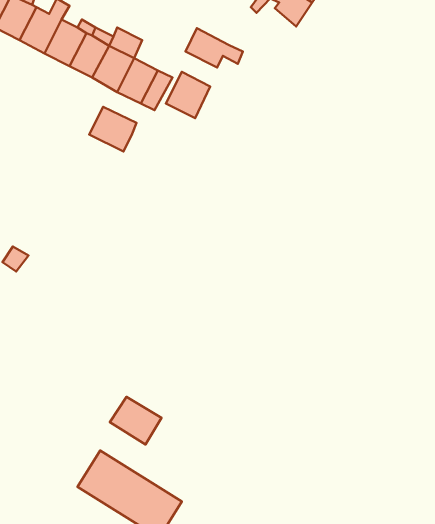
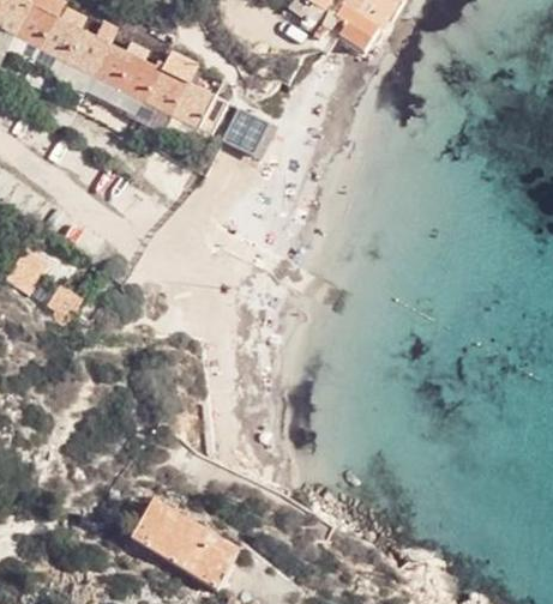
building: [186,28,243,68] -> none
building: [89,107,137,151] -> none
building: [110,397,162,445] -> none

